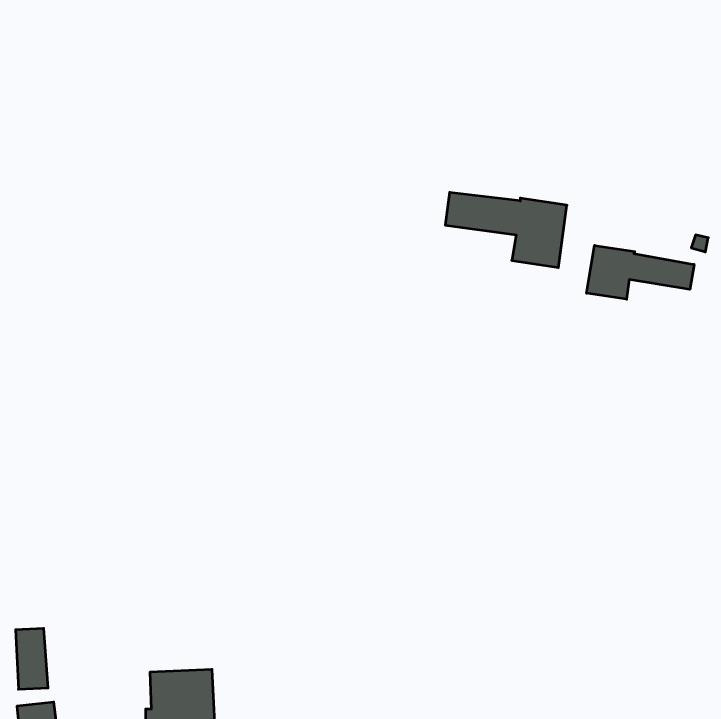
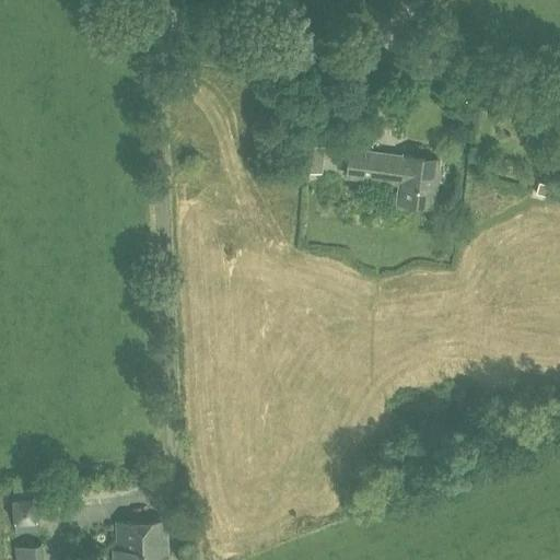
building: [587,245,694,299] -> none

